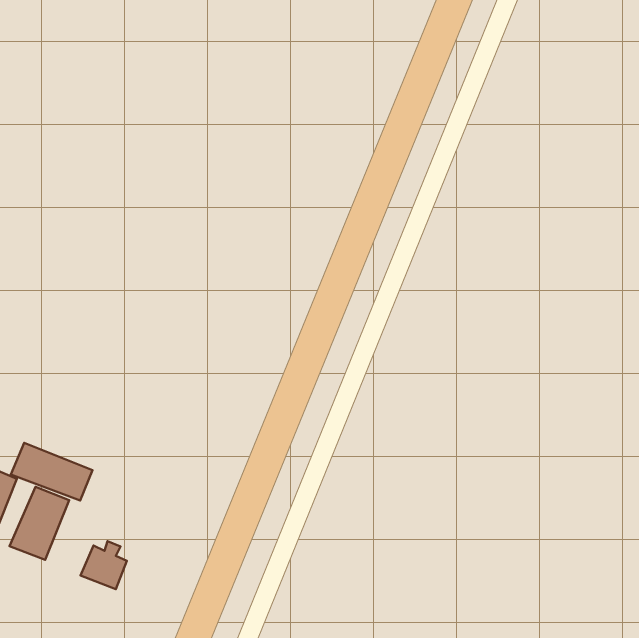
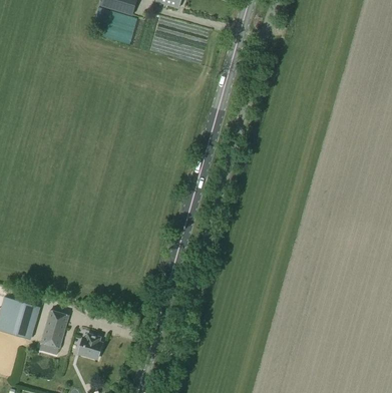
building: [11,443,93,501] -> none

